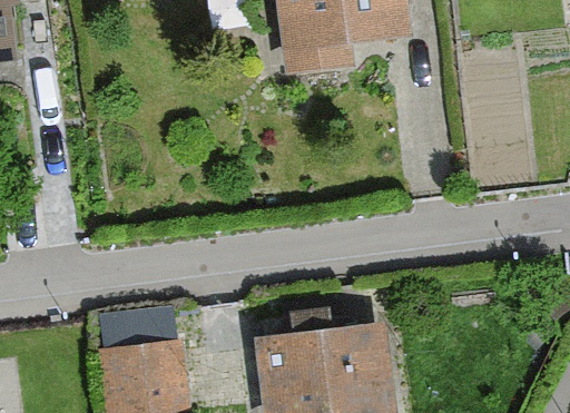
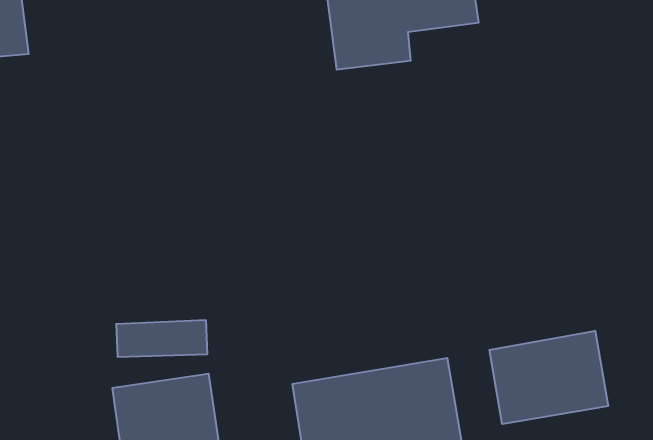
building: none -> [490,331,608,424]

